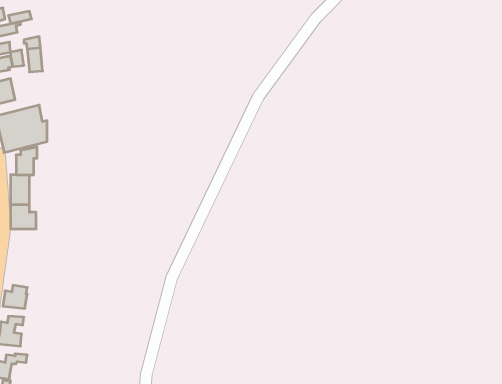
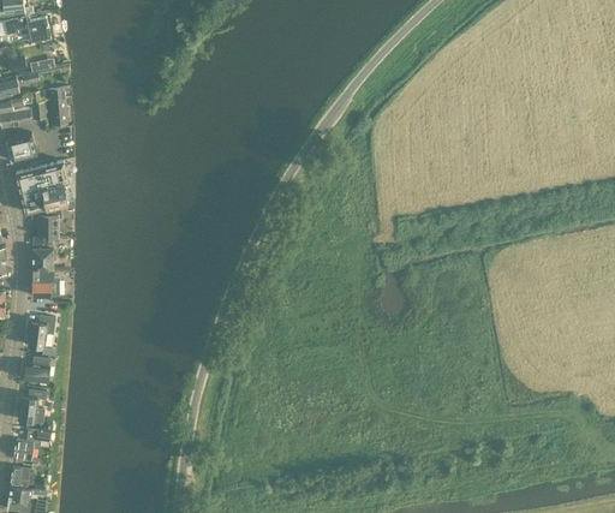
building: none -> [25,316,52,348]

